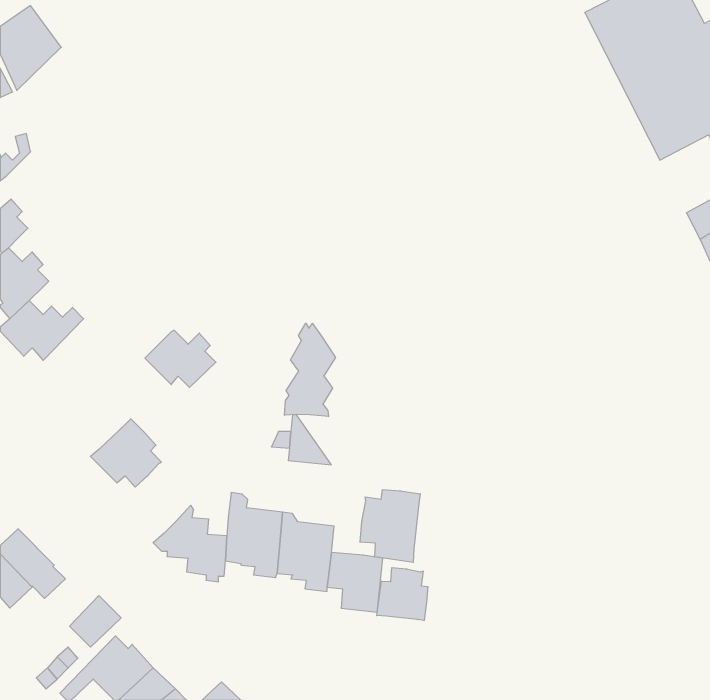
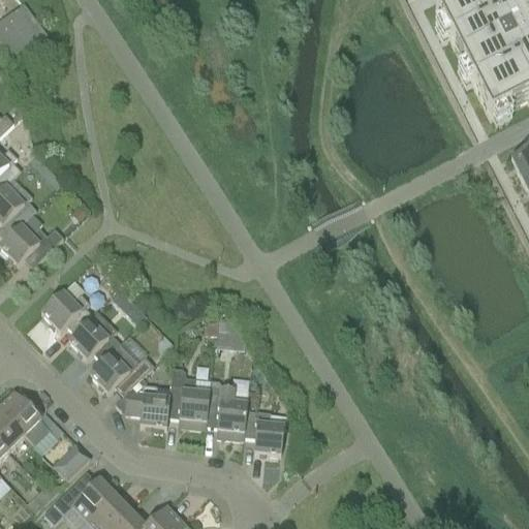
building: [285,323,335,417] -> none
building: [145,330,216,387] -> [41,291,94,334]
building: none -> [90,344,153,396]
building: [360,490,420,562] -> none
building: [377,568,428,621] -> none

